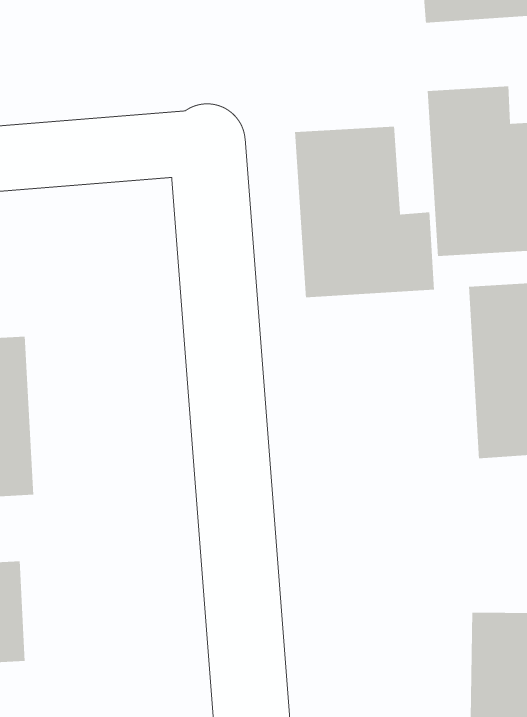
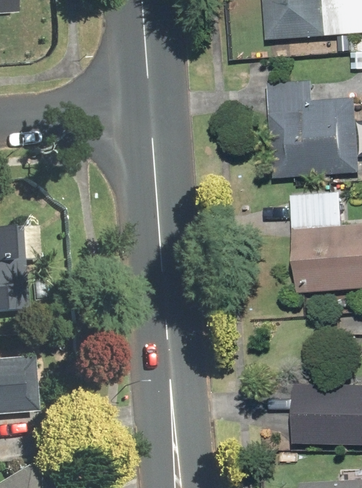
building: [294,126,435,298] -> none

